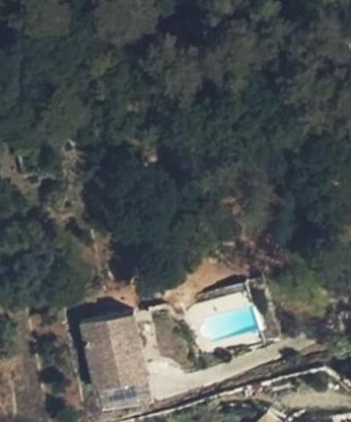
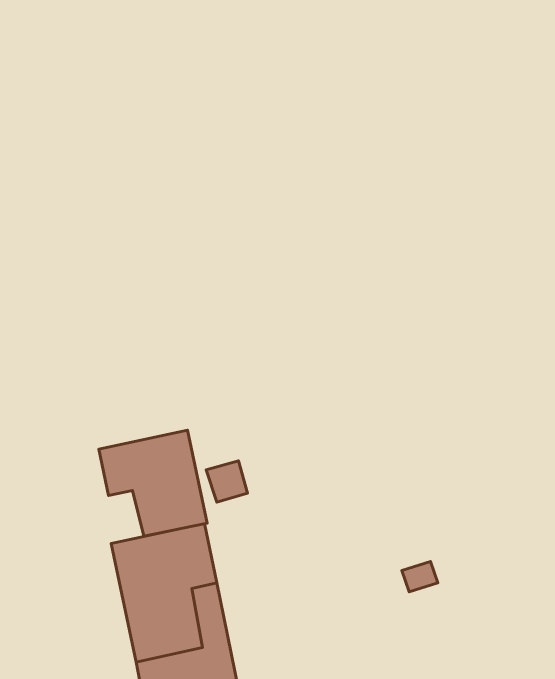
building: none -> [99,430,207,536]

